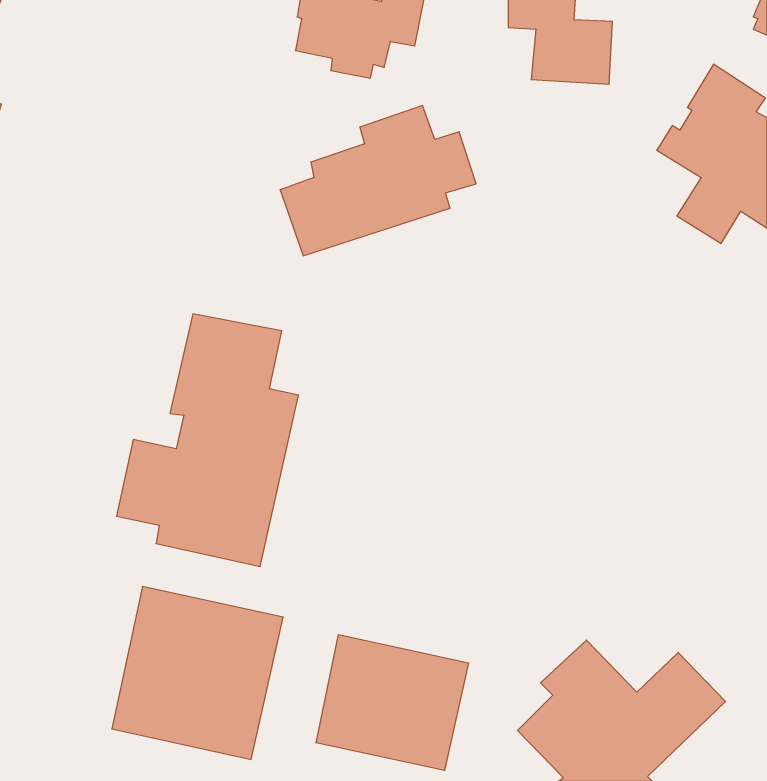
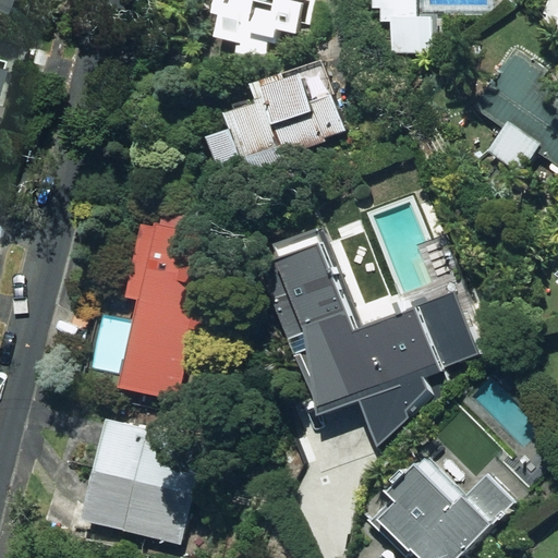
building: none -> [276,236,478,452]
building: [316,635,468,771] -> none

